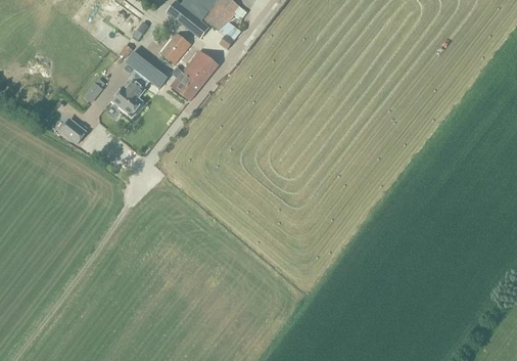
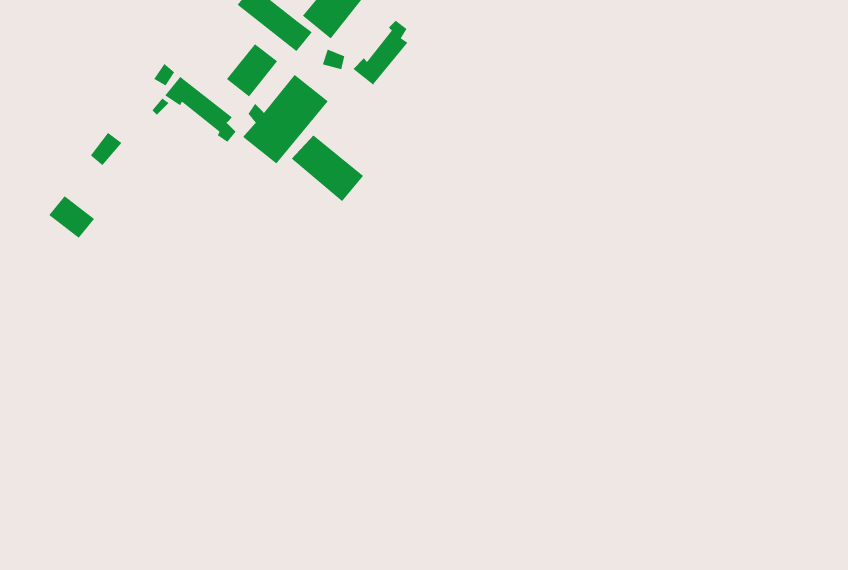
building: none -> [352,20,409,86]
building: none -> [291,134,364,202]
building: [122,85,148,112] -> none

